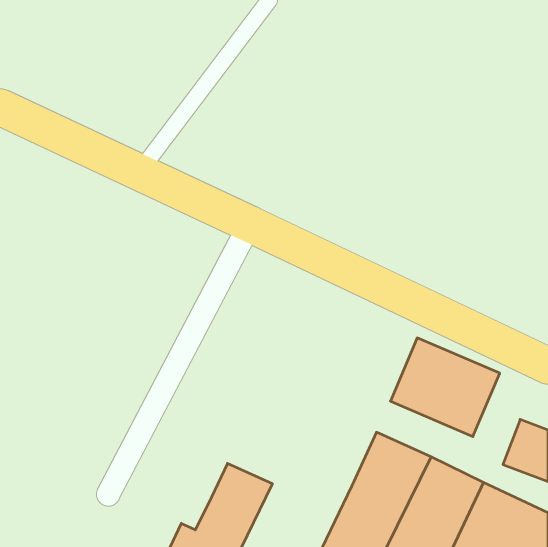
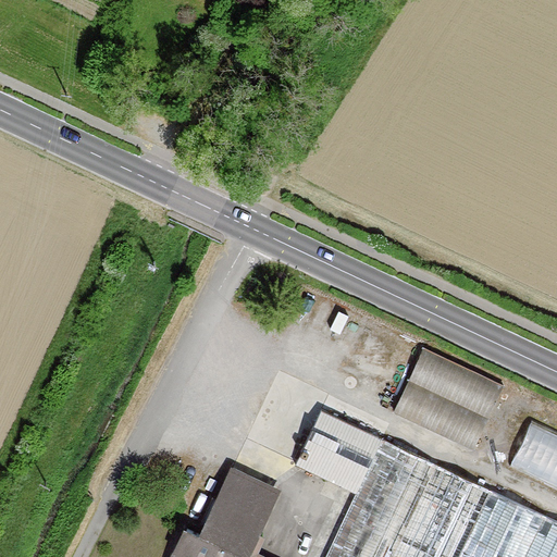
building: none -> [296,411,382,494]

